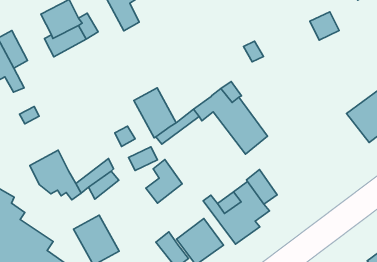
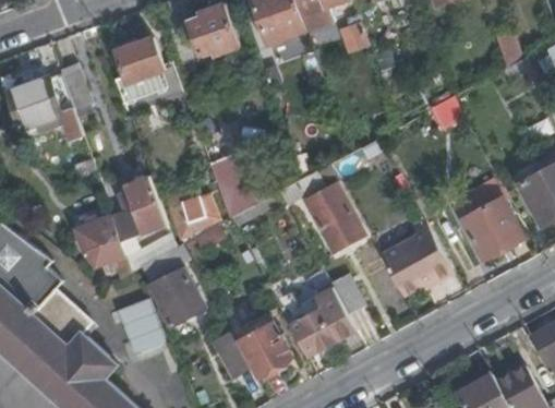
building: none -> [109,176,167,240]
building: none -> [377,218,450,297]
building: [146,160,182,203] -> [160,275,204,325]

